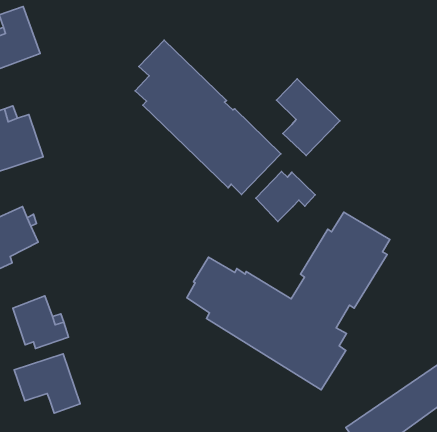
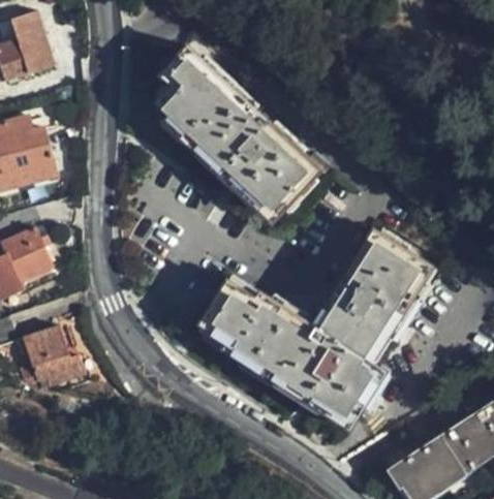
building: [276,79,340,156] -> none
building: [256,171,315,221] -> none
building: [14,354,80,413] -> none

